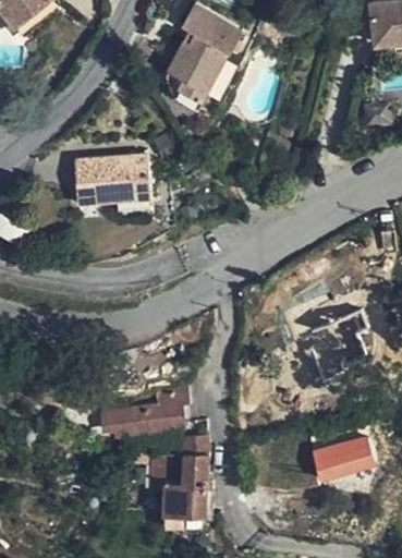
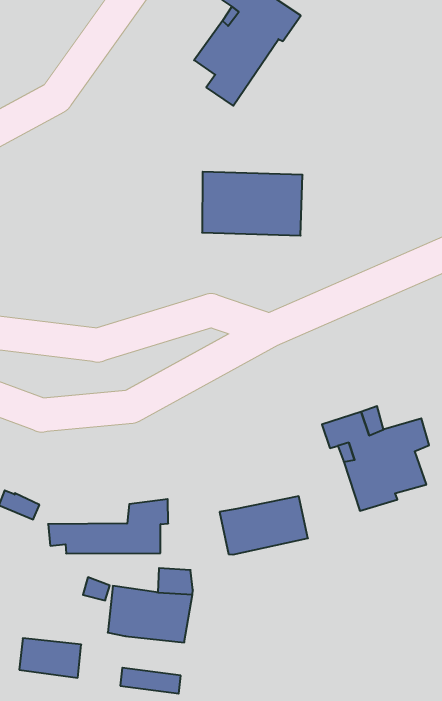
building: [74,155,149,204] -> [202,172,303,236]
building: [312,432,377,478] -> [220,496,308,555]
building: [165,487,207,511] -> [19,638,81,678]

